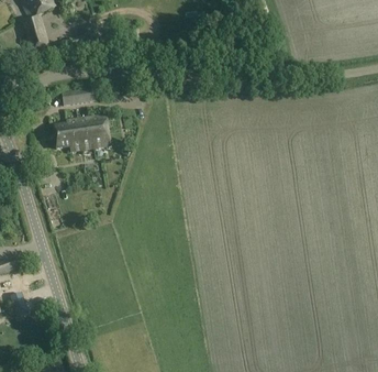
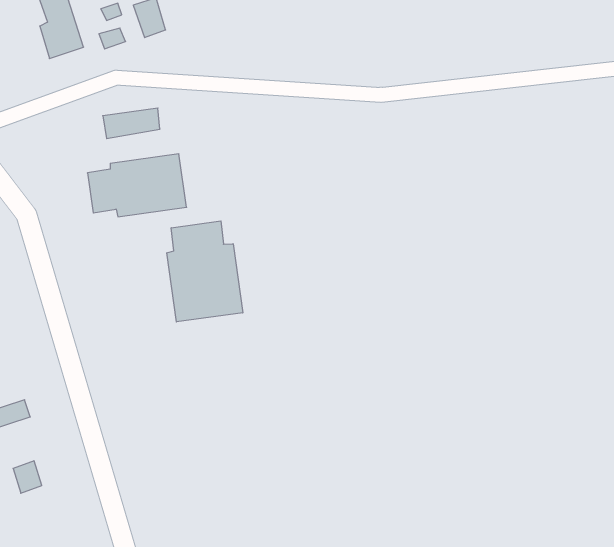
building: none -> [167,221,243,322]

